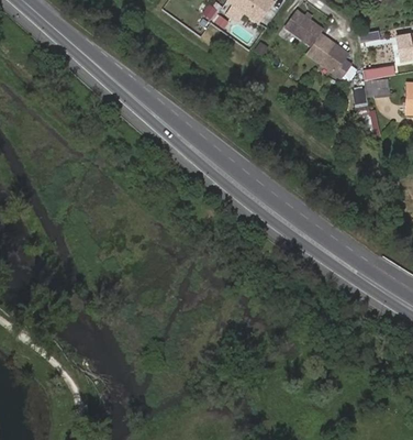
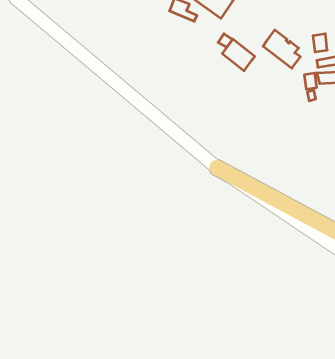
building: [284,12,322,48] -> [222,39,255,71]

